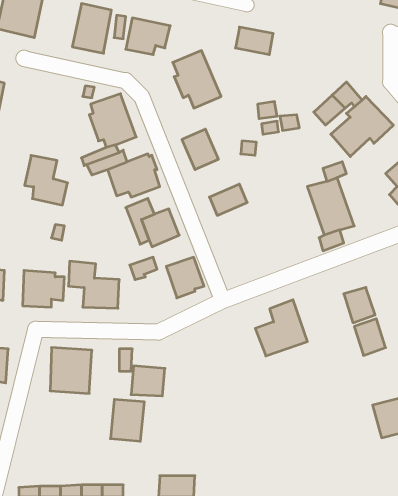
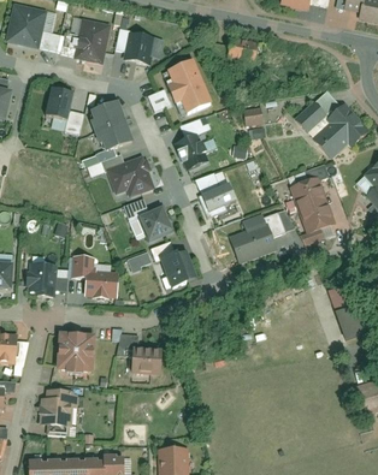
building: [25,155,68,205] -> [45,87,84,132]
building: [255,300,307,356] -> [230,209,278,261]
building: [110,399,144,441] -> [39,390,70,428]

